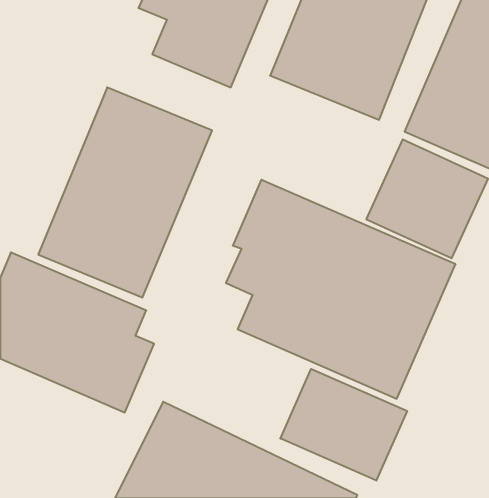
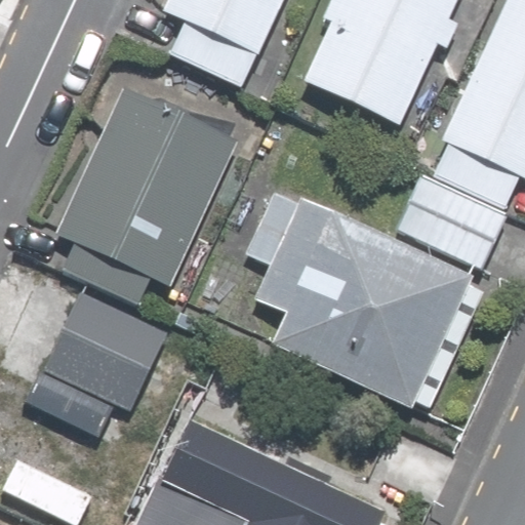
building: [280,369,407,481] -> none

